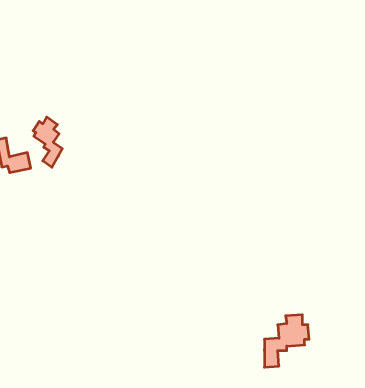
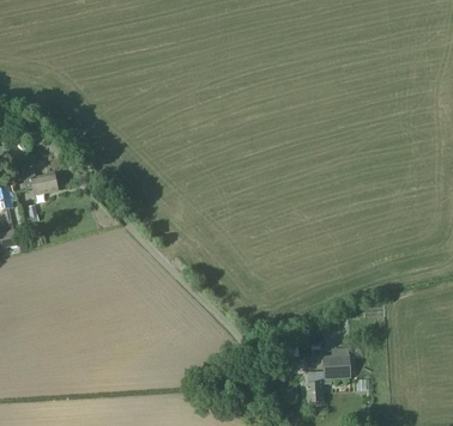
building: [33,117,62,167] -> none

